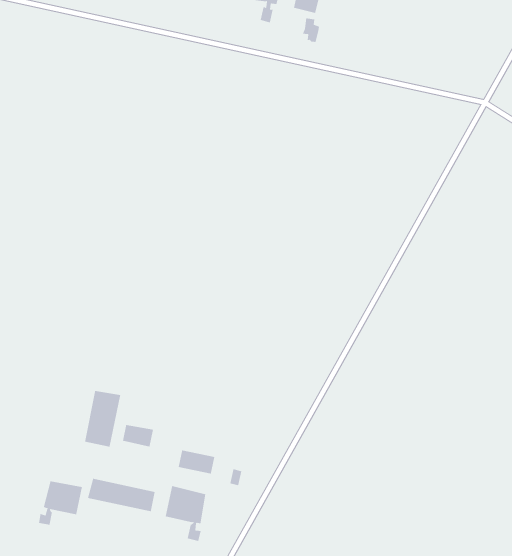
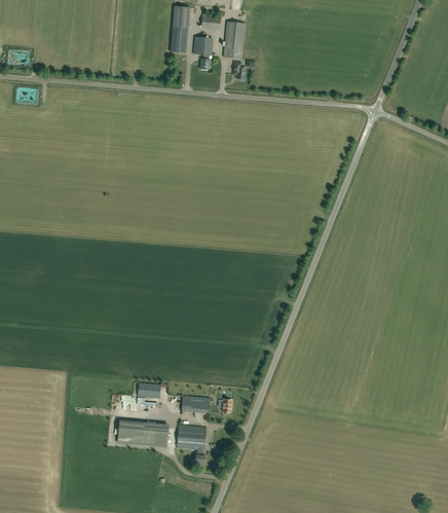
building: [84,390,121,448] -> none
building: [38,481,83,525] -> none

